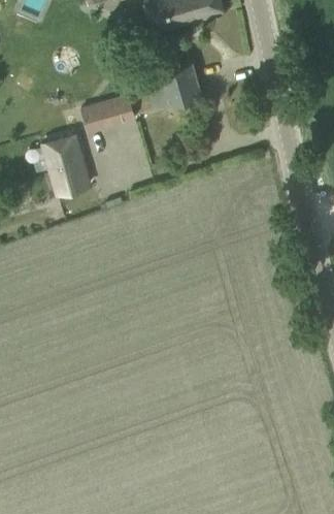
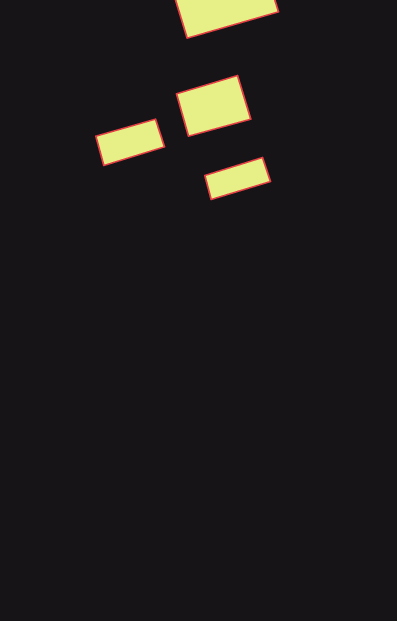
building: none -> [205,157,271,199]
building: [44,134,90,194] -> none

